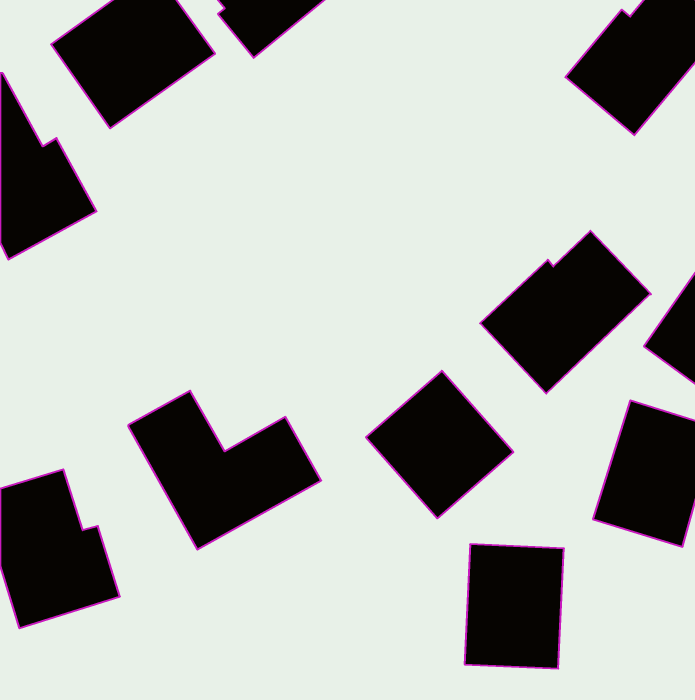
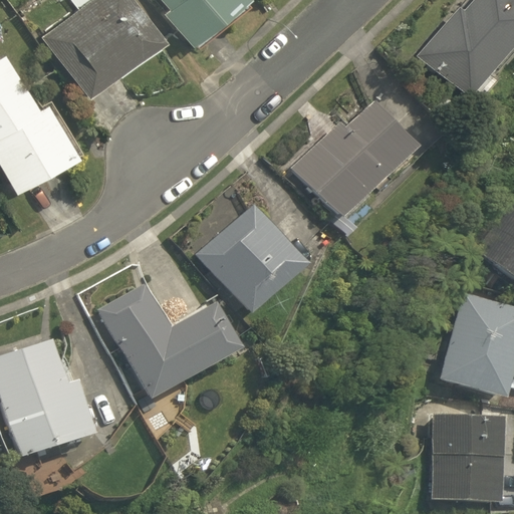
building: [480,231,651,394] -> [292,101,417,220]
building: [366,371,513,518] -> [199,206,306,313]
building: [465,544,564,669] -> [430,412,502,502]

